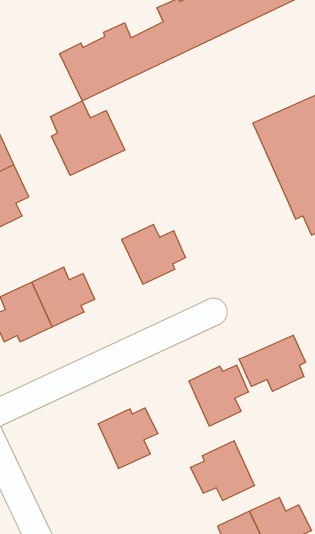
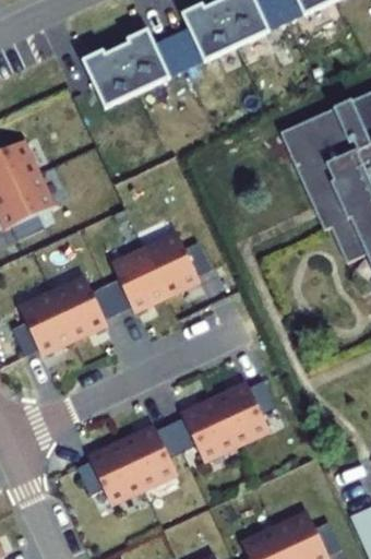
building: [50,101,125,175] -> none
building: none -> [107,251,168,312]
building: [239,335,305,391] -> none
building: none -> [79,440,143,501]
building: [190,441,255,501] -> [170,396,236,457]

